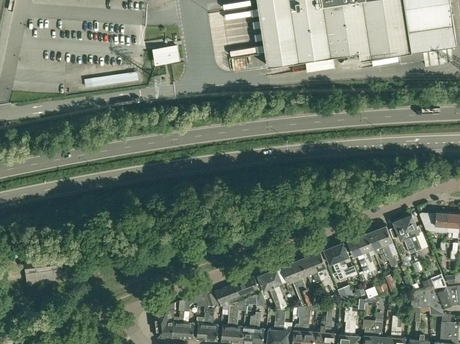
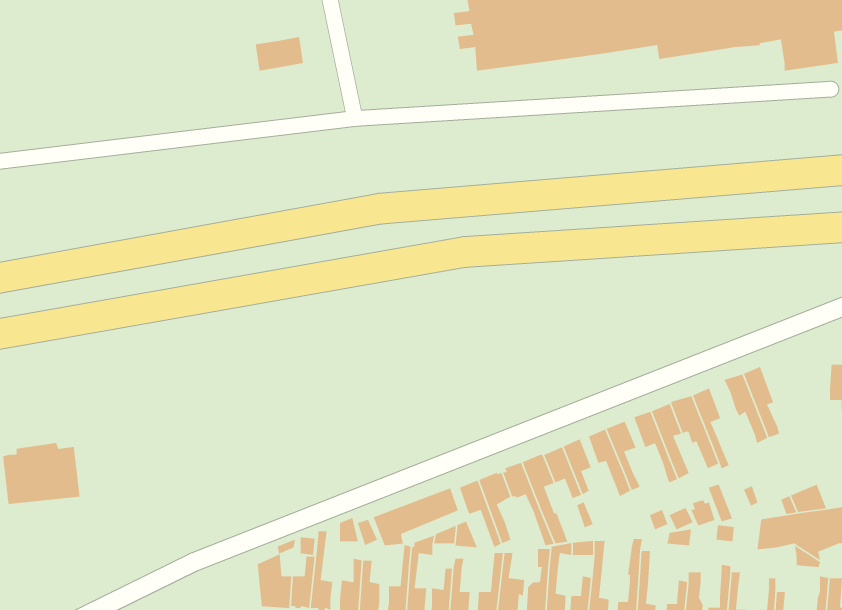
building: [419,213,447,233] -> none

